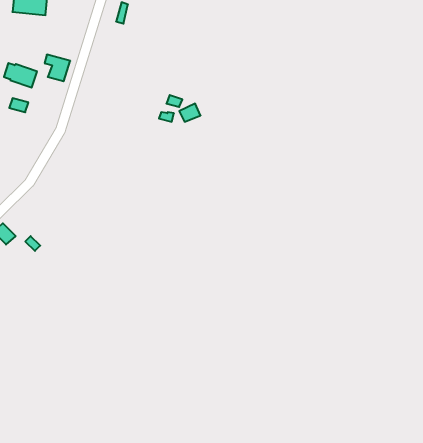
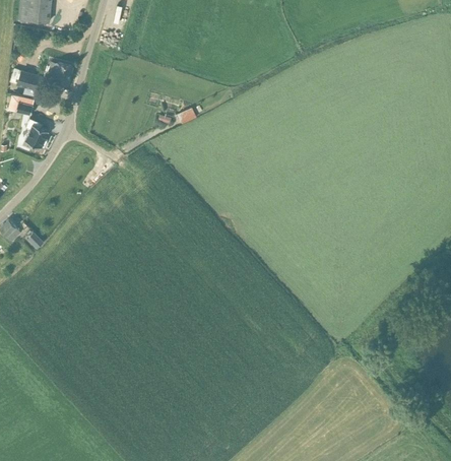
building: none -> [24,119,47,148]

